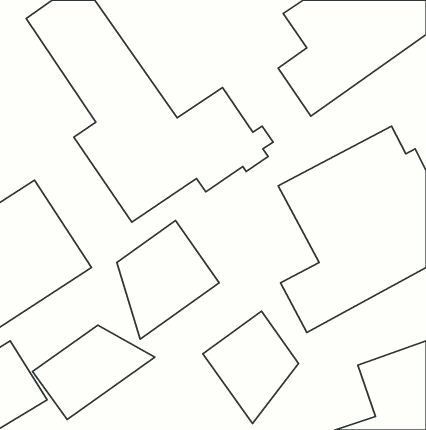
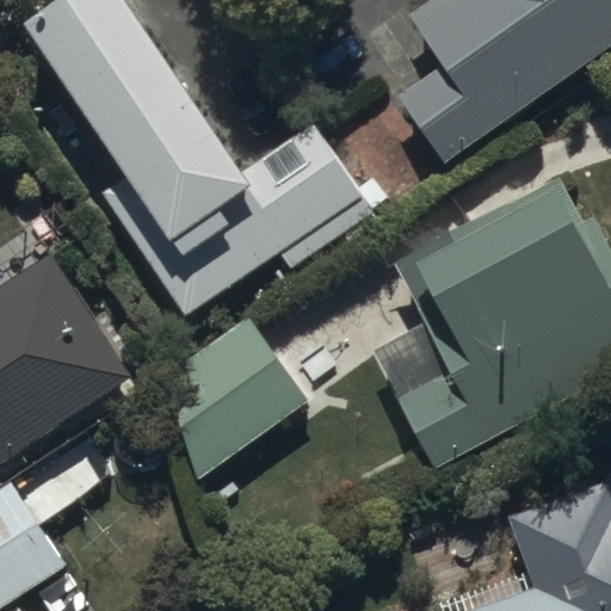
building: [203,311,298,423] -> none
building: [32,325,155,420] -> none

